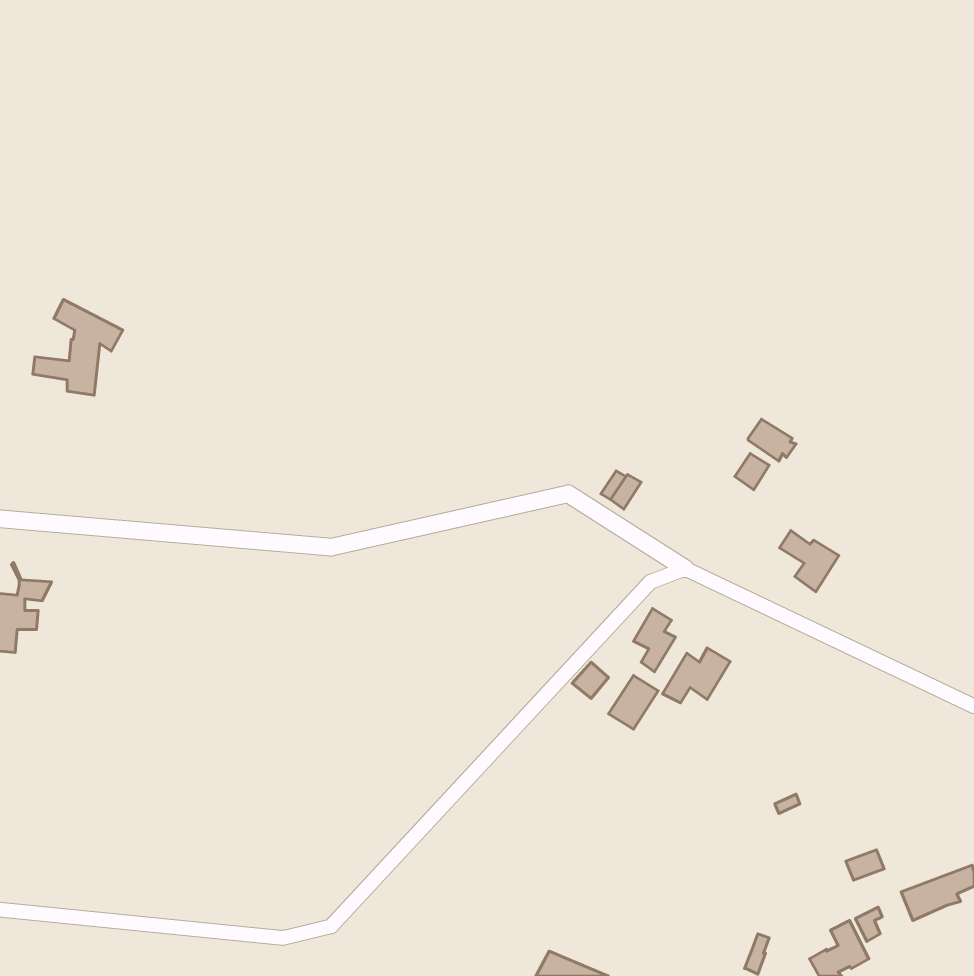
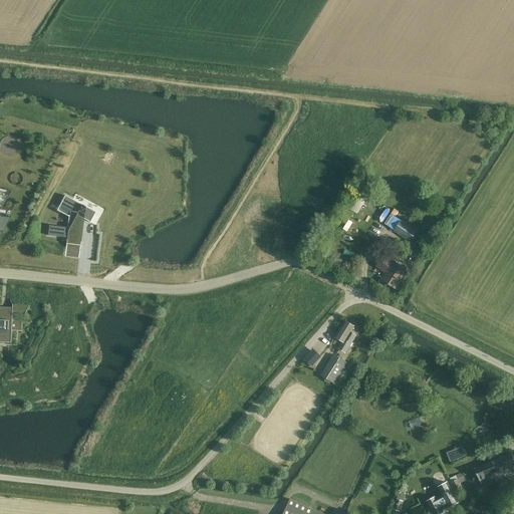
building: [33,299,123,395] -> [46,195,93,245]
building: [779,531,839,592] -> [374,256,406,288]
building: [663,648,730,703] -> none

